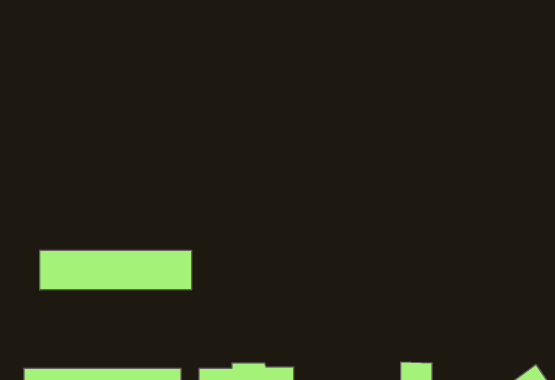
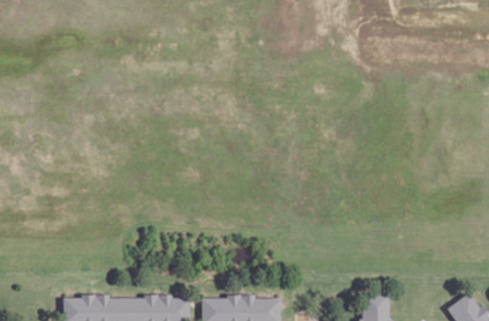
building: [40,250,191,290] -> none

